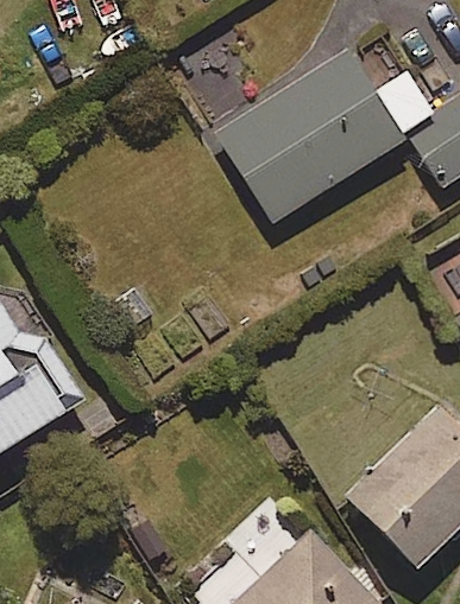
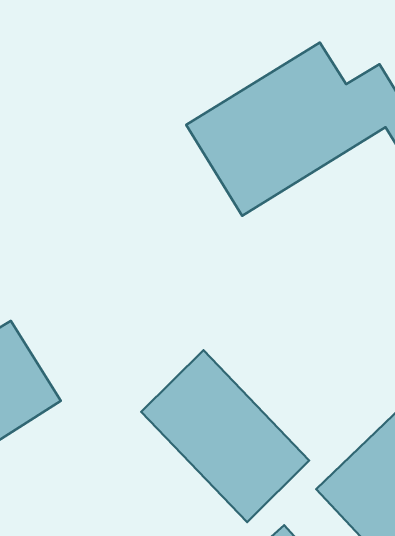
building: none -> [141,350,309,522]

